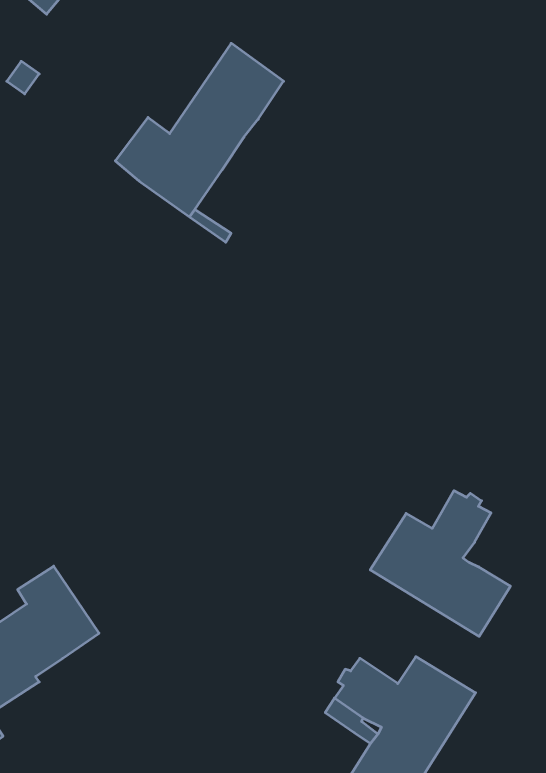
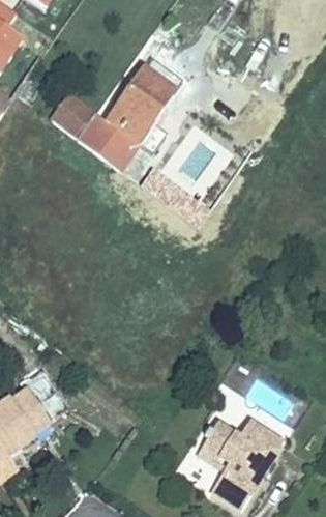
building: none -> [50,91,95,136]
building: [370,491,510,636] -> none

